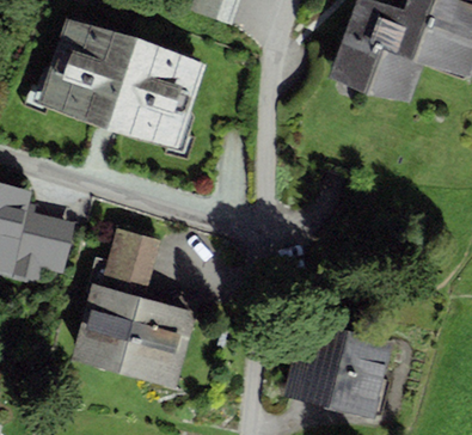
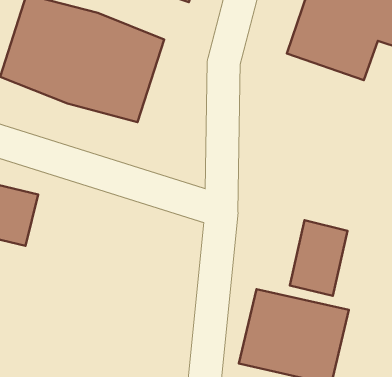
building: [68,228,196,390] -> none
building: none -> [290,220,348,296]

